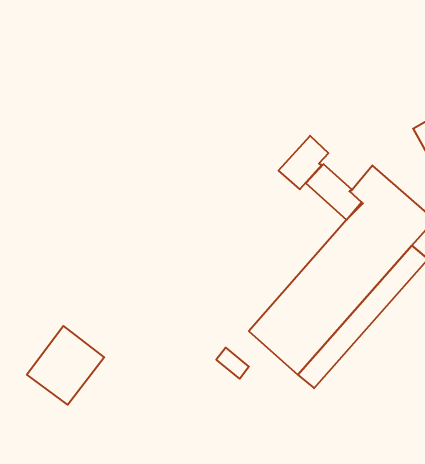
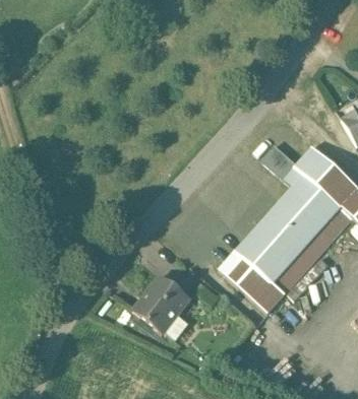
building: [279,136,328,189] -> none
building: [27,326,104,405] -> [132,275,190,334]

